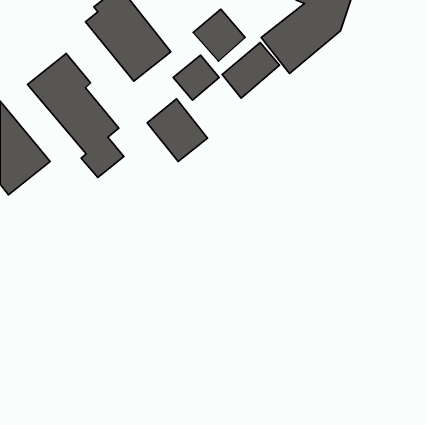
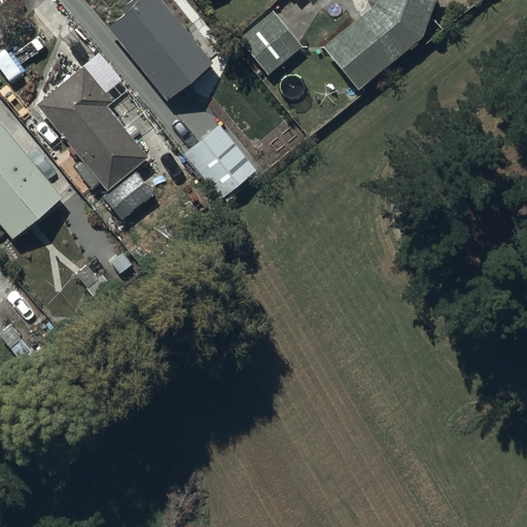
building: [222,42,280,98] -> none
building: [173,55,219,100] -> none

